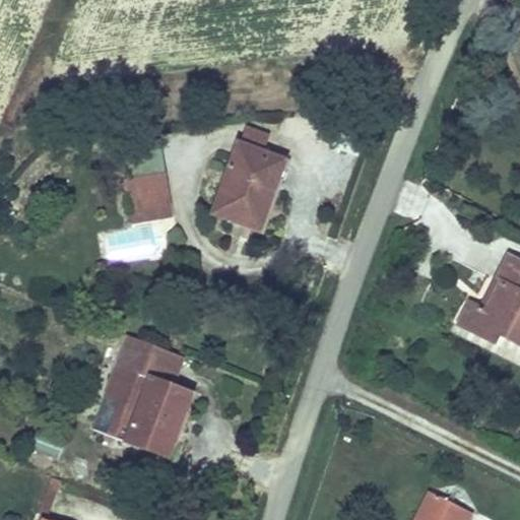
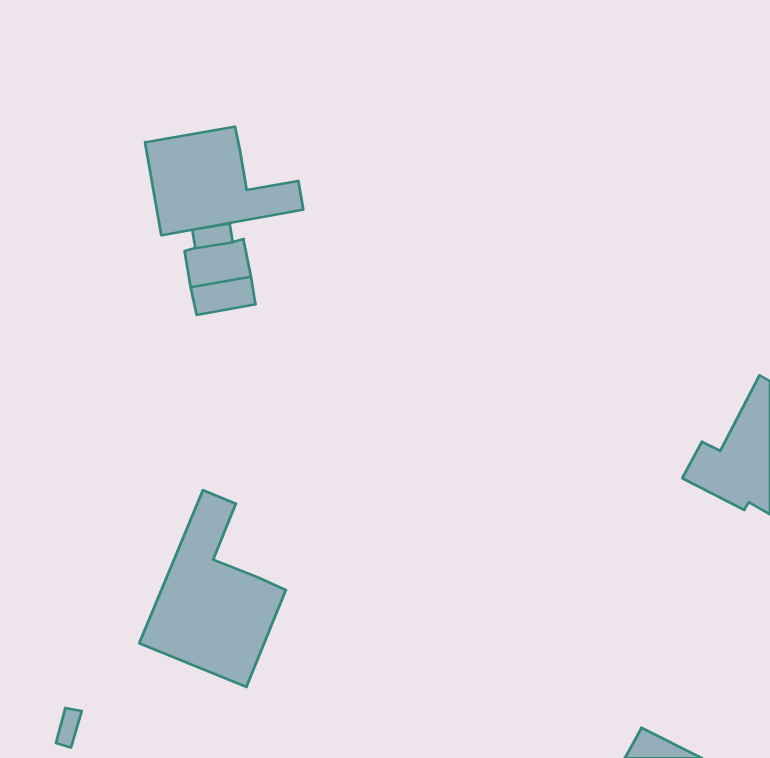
building: none -> [145,127,303,235]
building: [210,139,286,233] -> none
building: [143,338,189,388] -> none

